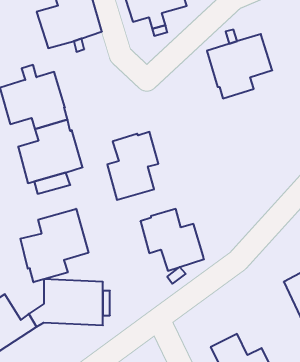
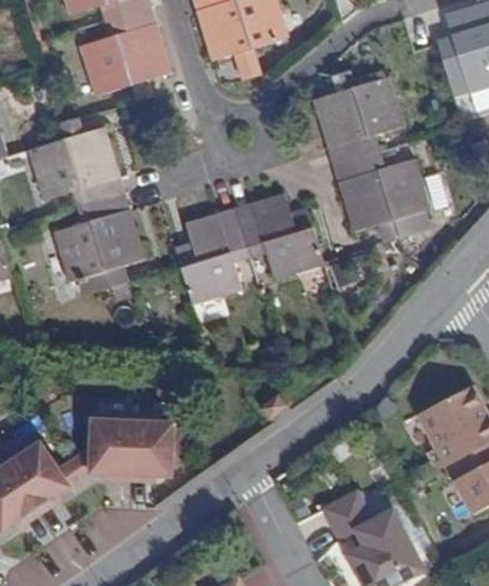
building: none -> [336,152,430,243]
building: [20,209,88,282] -> none
building: [140,209,204,271] -> [235,194,323,279]

